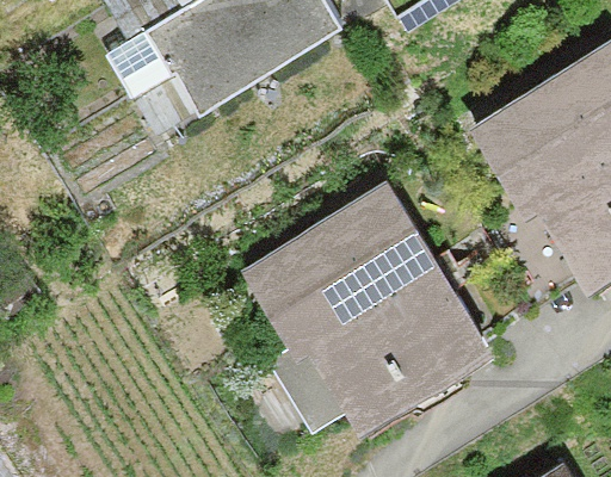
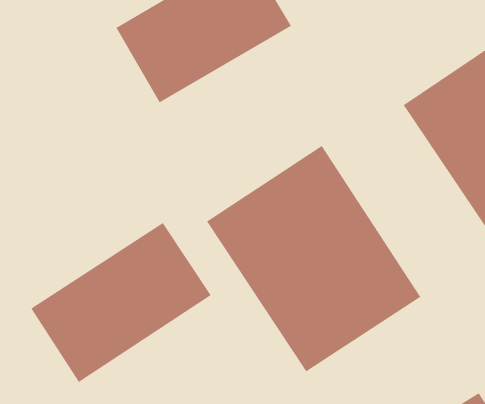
building: none -> [31,222,211,383]

